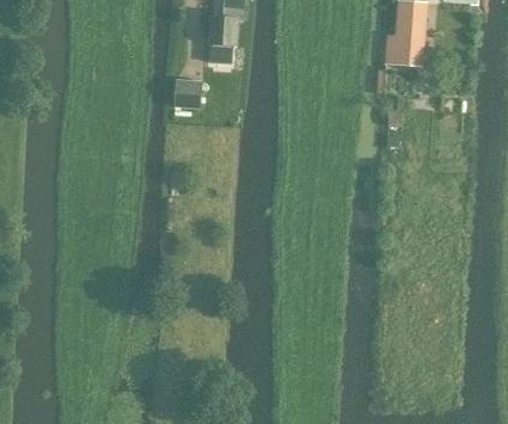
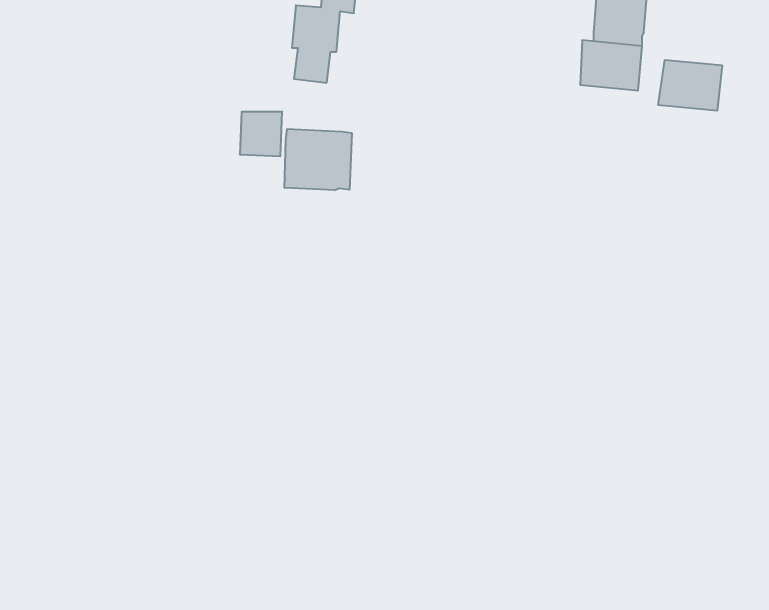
building: none -> [658,60,722,111]
building: none -> [285,129,352,190]

